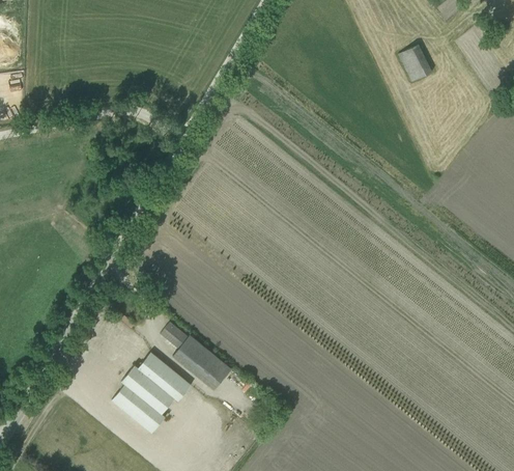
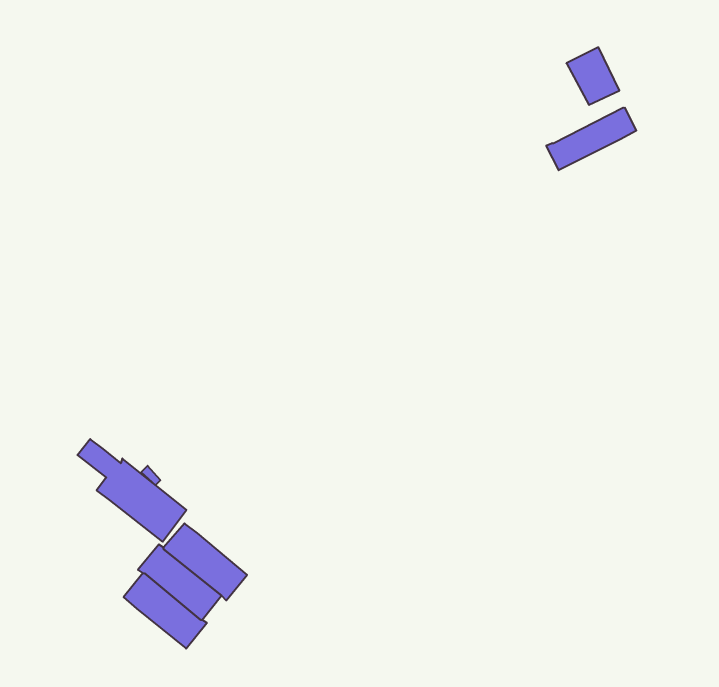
building: none -> [546,108,636,170]
building: [160,324,230,390] -> [77,439,186,542]

